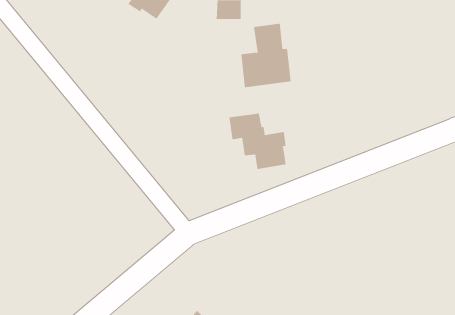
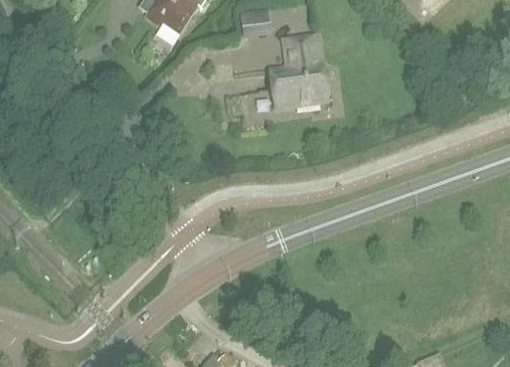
building: [229,113,286,170] -> none

